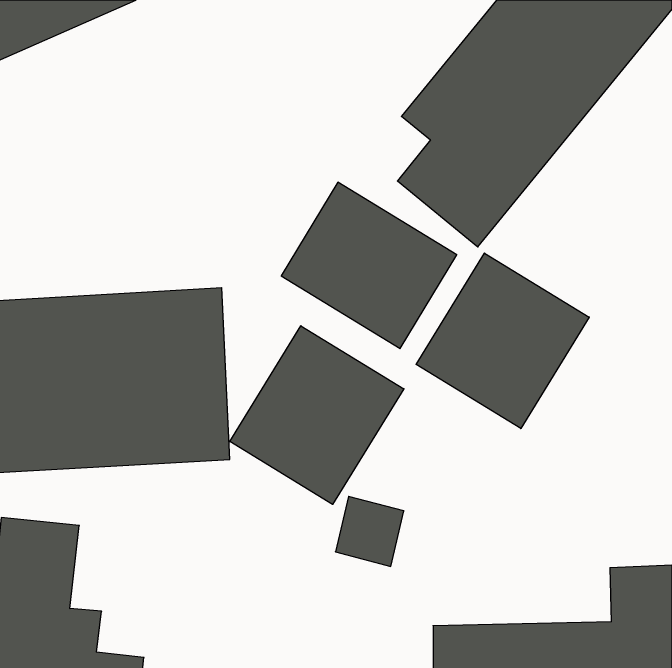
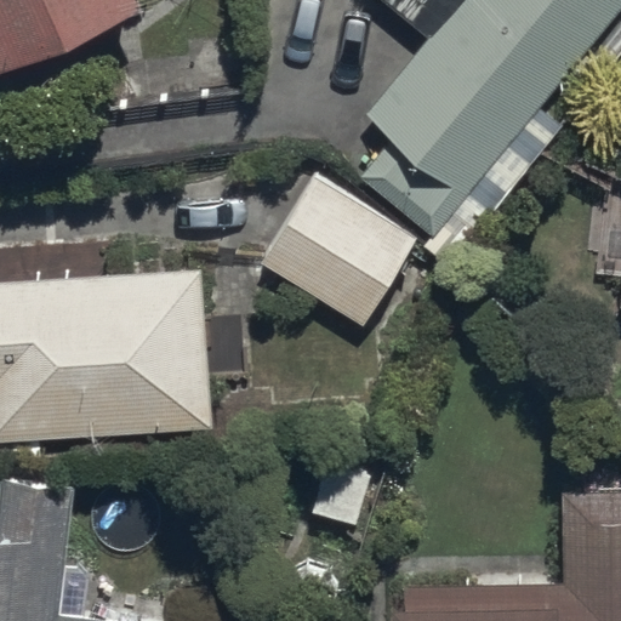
building: [416,253,589,429] -> none
building: [230,326,404,504] -> none

